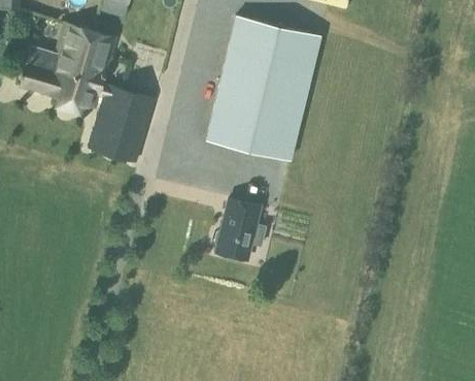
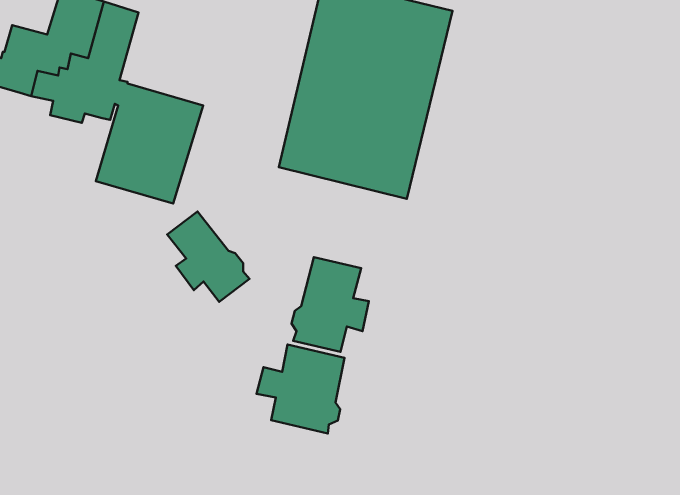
building: none -> [167,212,250,302]
building: none -> [257,345,344,434]

